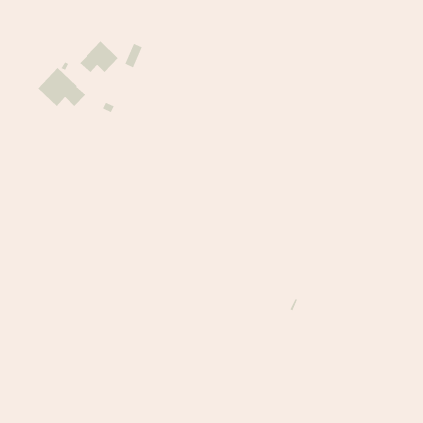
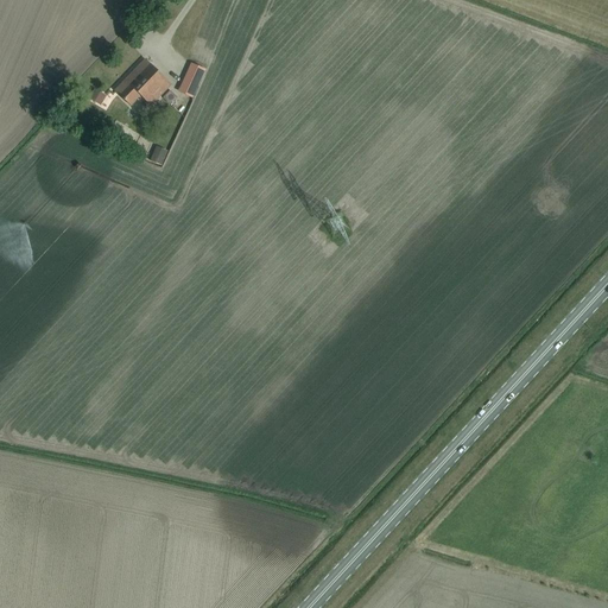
building: [38,67,86,107] -> none

